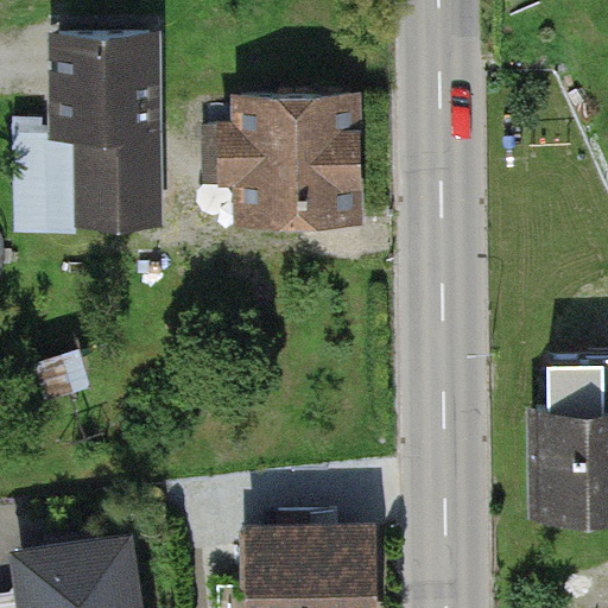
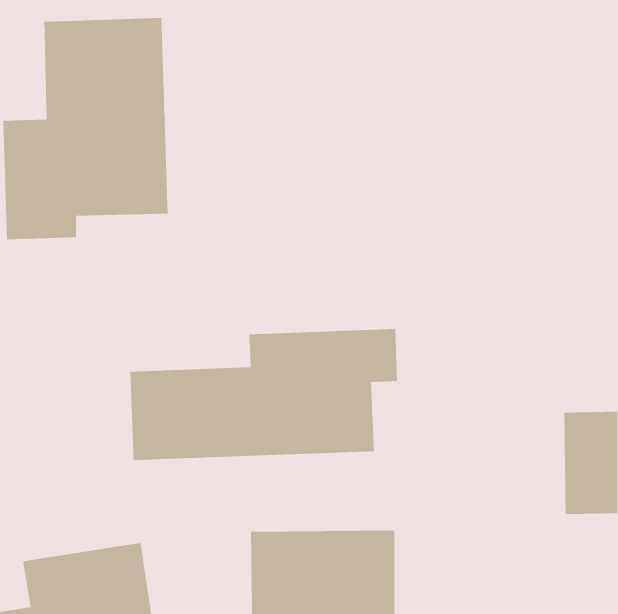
building: [232,91,365,220] -> none
building: none -> [130,328,398,461]

